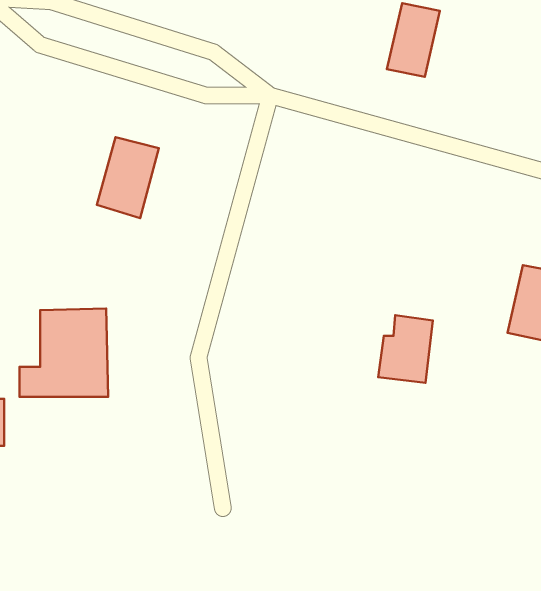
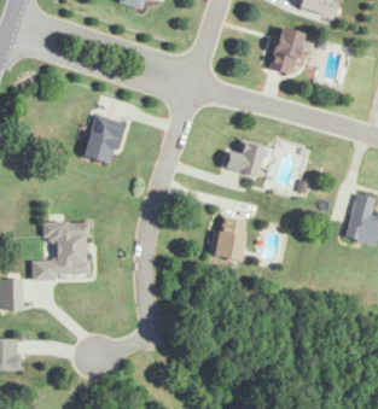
building: none -> [223,139,266,180]
building: [378,315,433,383] -> [210,216,245,259]

